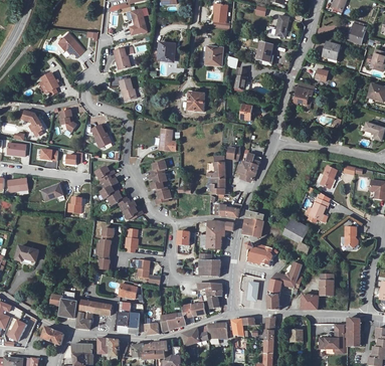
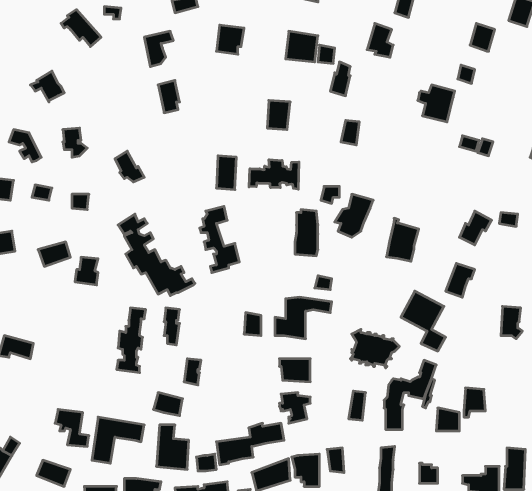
building: none -> [249,160,299,189]
building: [242,207,263,235] -> [386,218,419,261]

